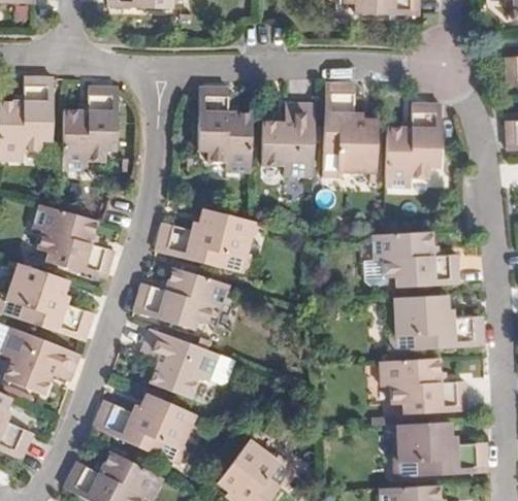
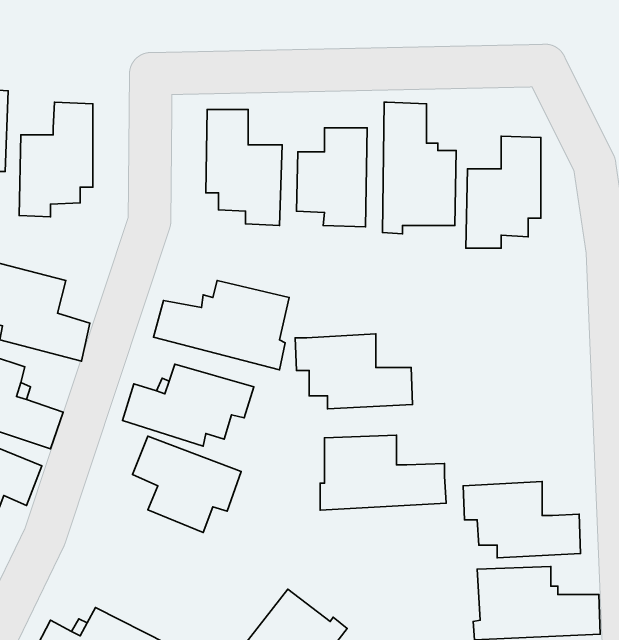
building: [377,232,462,287] -> [295,334,412,409]
building: [391,298,483,353] -> [320,435,446,510]
building: [97,393,200,467] -> none

